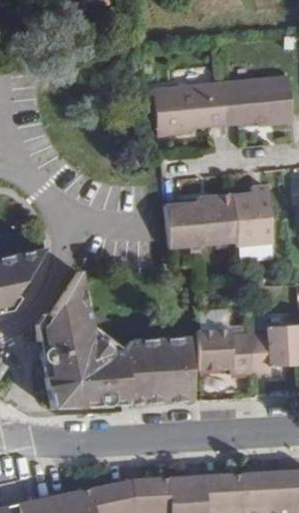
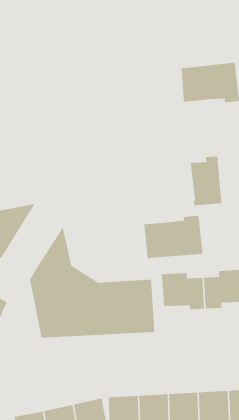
building: [155,82,224,136] -> none
building: [165,196,237,248] -> [144,215,203,258]

